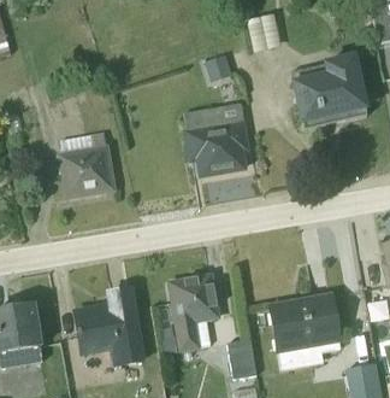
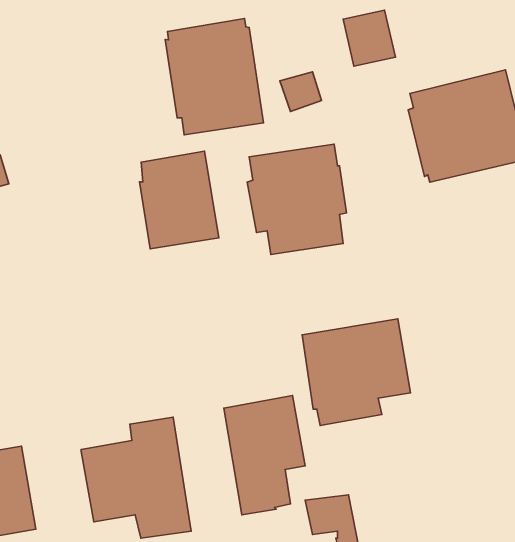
building: none -> [165,18,263,135]
building: [60,131,113,197] -> [139,151,219,249]
building: [268,293,341,364] -> [302,319,411,425]

